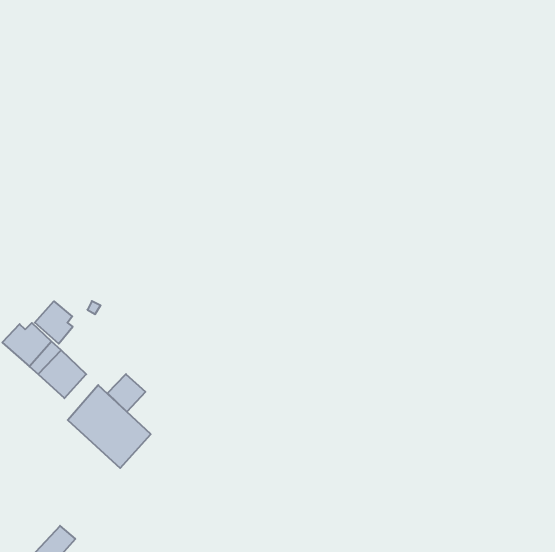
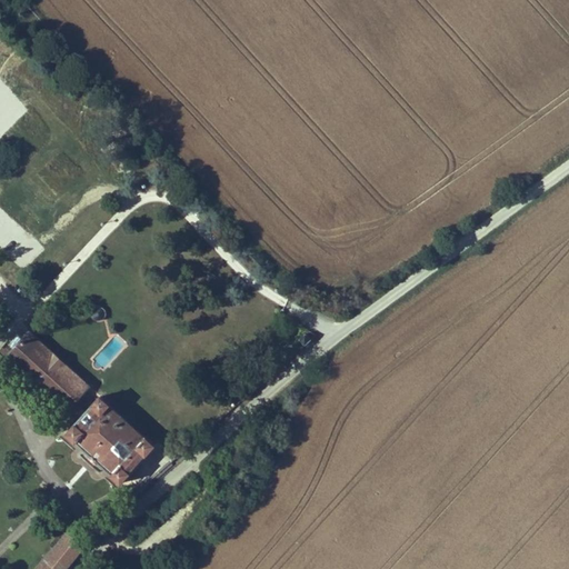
building: [35,301,73,344] -> none
building: [108,374,145,412] -> none

